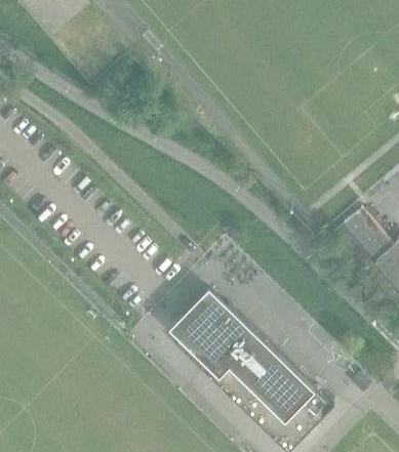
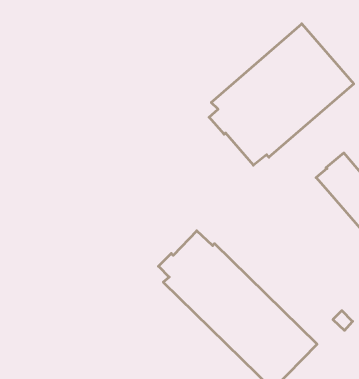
building: none -> [209,24,354,165]

